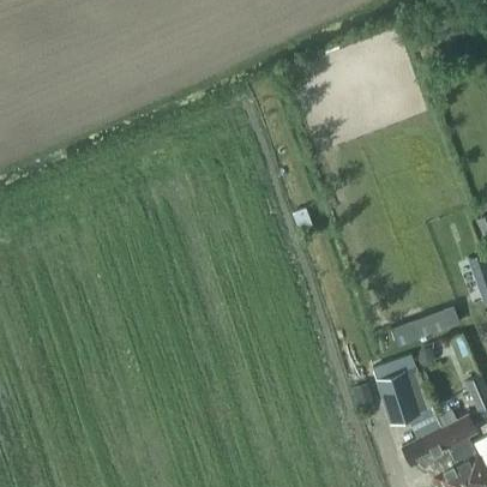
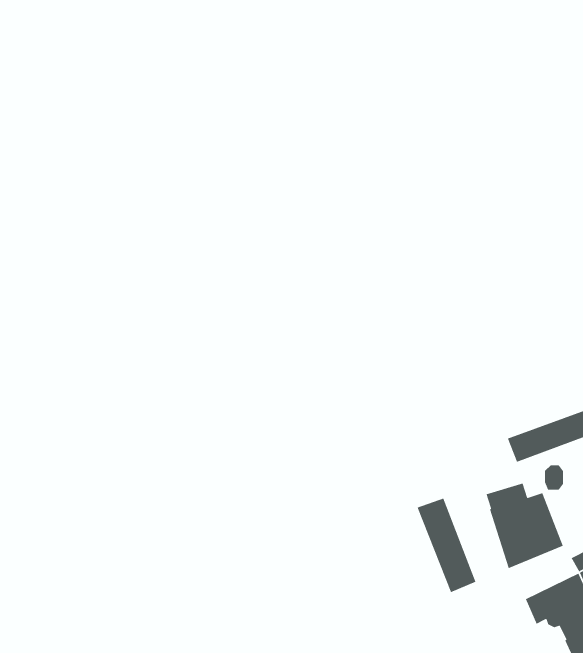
building: none -> [417,497,477,593]

